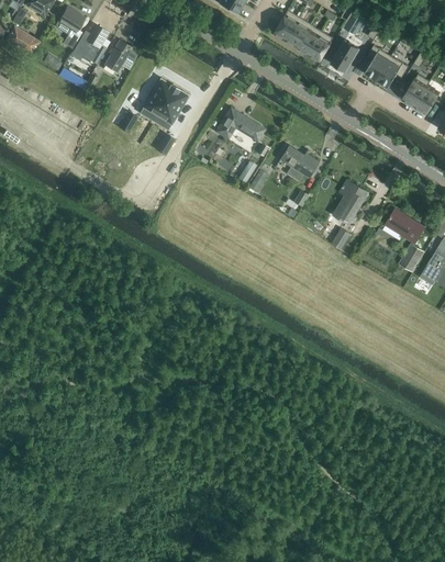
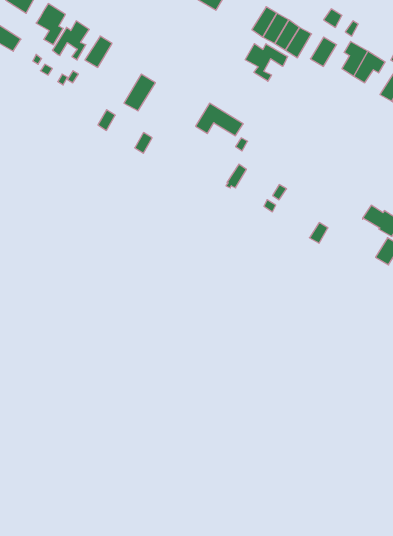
building: none -> [245,44,288,81]
building: [158,88,190,125] -> none
building: [280,147,320,182] -> none
building: [337,180,369,225] -> none

